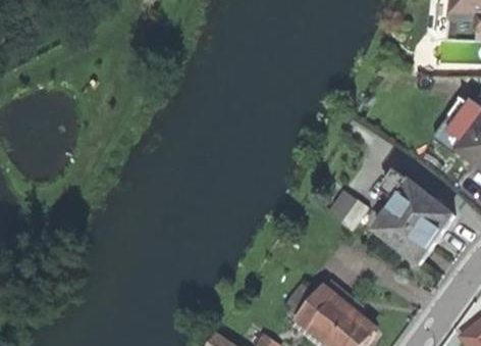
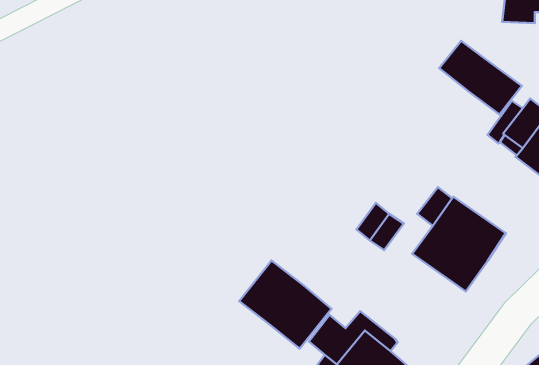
building: none -> [439,41,522,115]
building: none -> [239,260,332,348]

